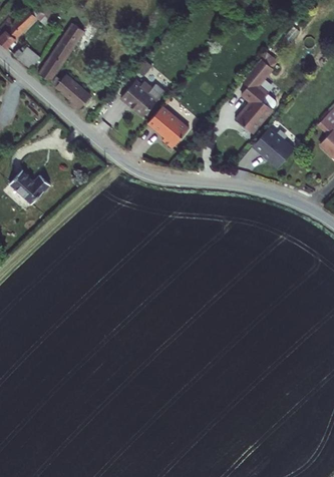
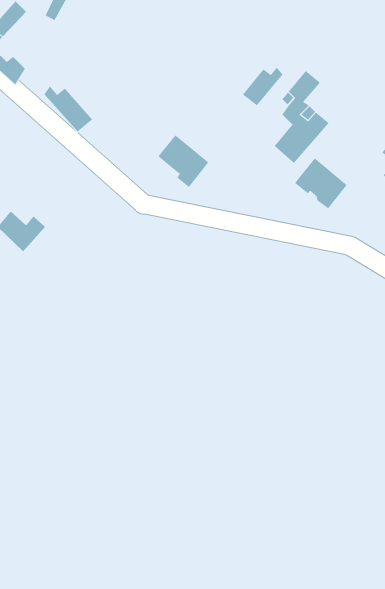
building: [41,18,86,78] -> none
building: none -> [242,67,283,106]
building: [117,82,162,119] -> none

